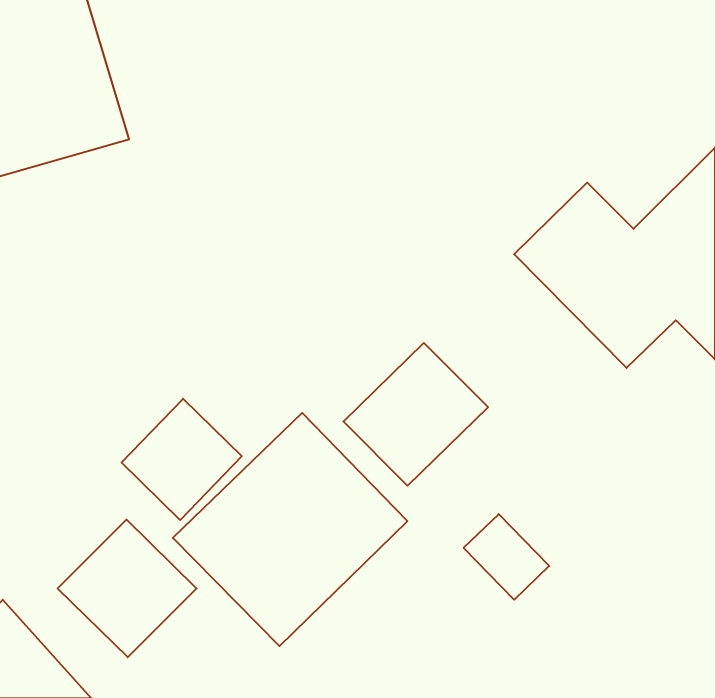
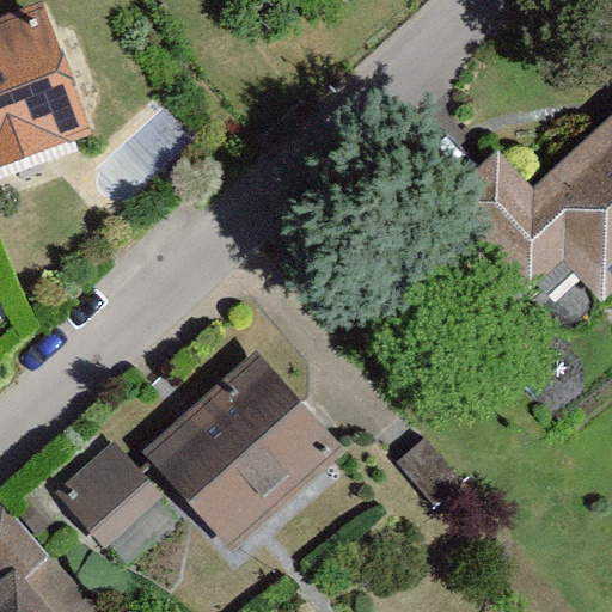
building: [343,343,488,486] -> none
building: [122,399,242,520] -> none

